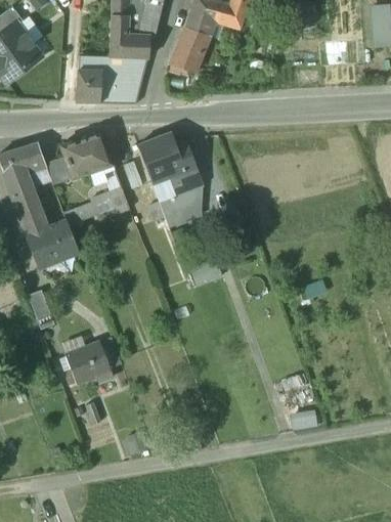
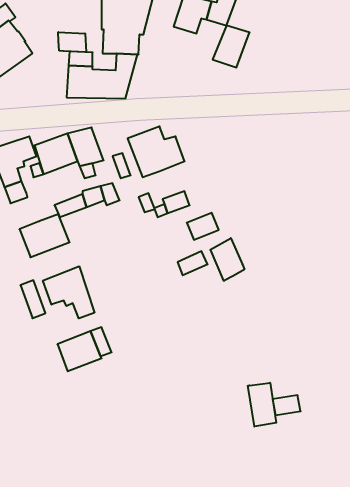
building: [171,30,209,73] -> [213,25,250,67]
building: none -> [58,32,86,52]
building: [171,168,204,195] -> [187,213,219,240]
building: [18,200,48,237] -> none
building: none -> [210,238,244,281]
building: none -> [43,266,94,318]
building: none -> [248,383,276,427]

